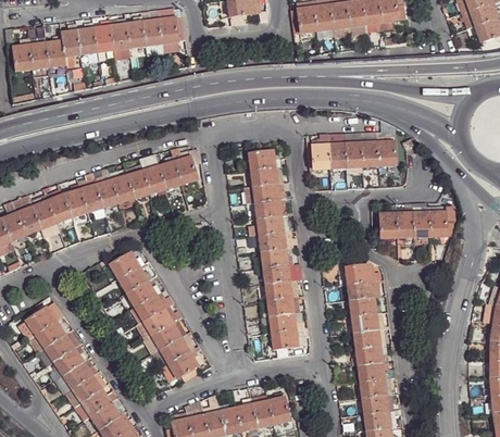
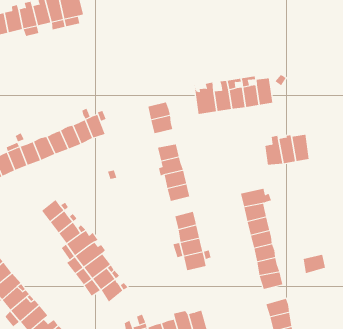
building: [246,184,277,204] -> none
building: [429,204,452,235] -> none
building: [263,264,289,285] -> none
building: [361,377,387,398] -> [303,254,326,274]

